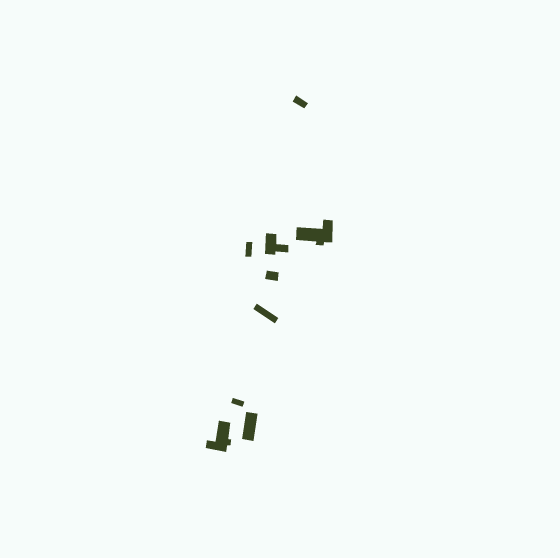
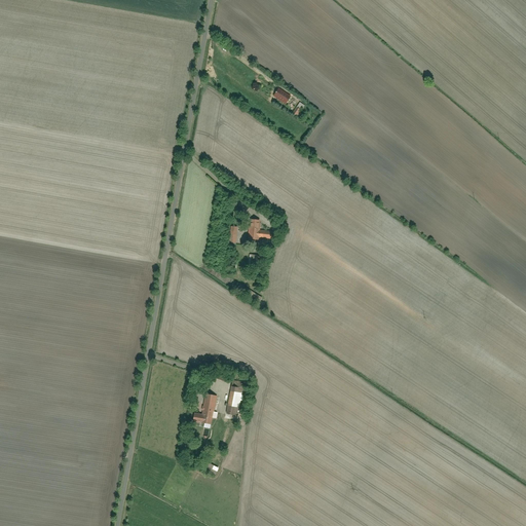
building: [295,219,333,246] -> none

